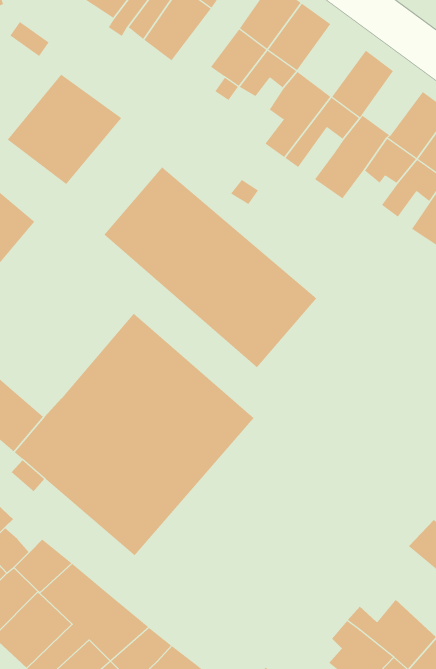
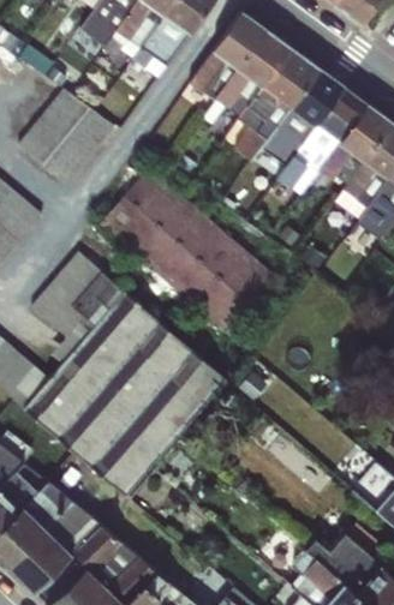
building: none -> [262,47,320,108]
building: none -> [317,86,368,140]
building: none -> [30,251,124,363]

